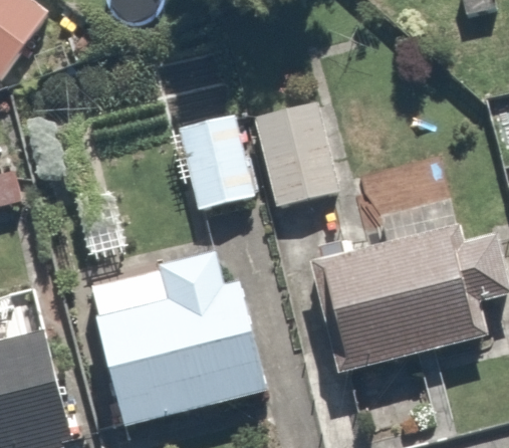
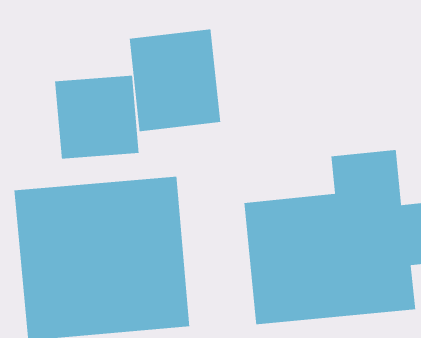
building: [249,86,336,205] -> none
building: none -> [54,75,139,160]

